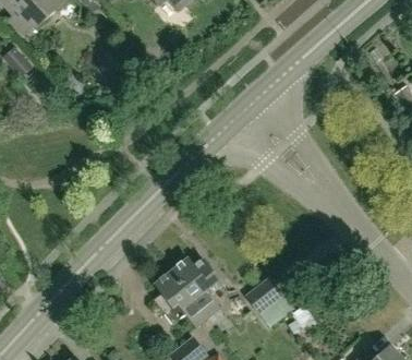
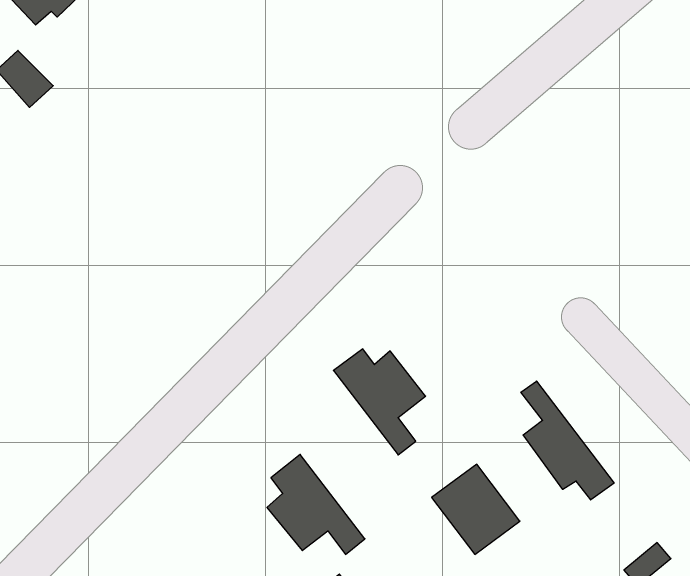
building: none -> [521,381,614,500]
building: [171,259,222,317] -> [333,349,426,455]

